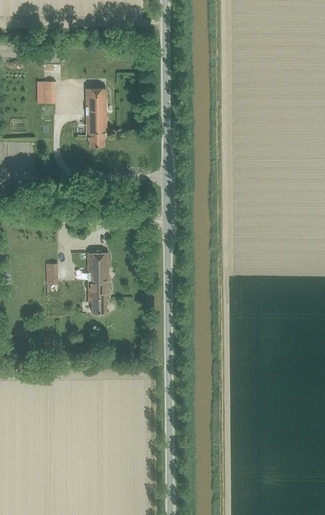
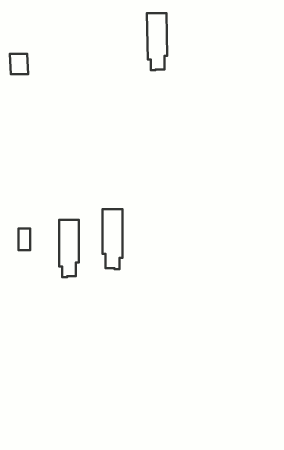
building: [86,88,107,147] -> [147,13,167,70]
building: none -> [102,209,122,269]

